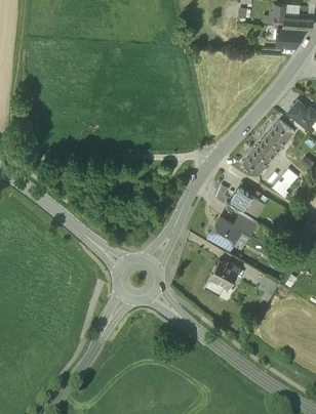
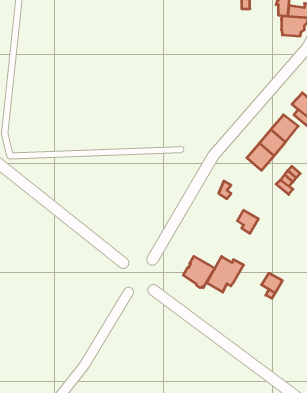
building: [233,190,262,216] -> none
building: [209,217,240,248] -> [183,256,215,288]

